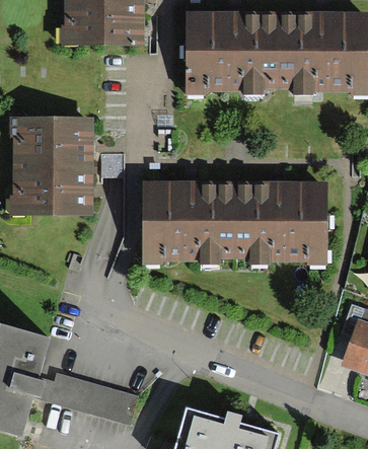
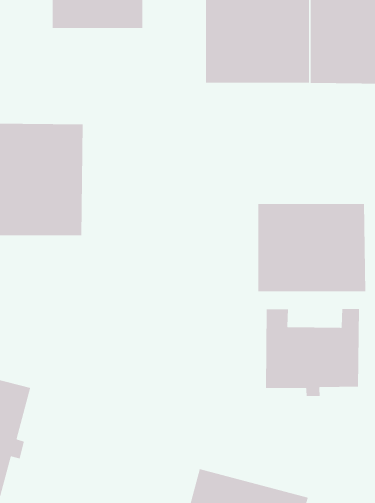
building: [147,185,235,260] -> none
building: none -> [265,308,360,397]
building: [45,372,136,425] -> none

